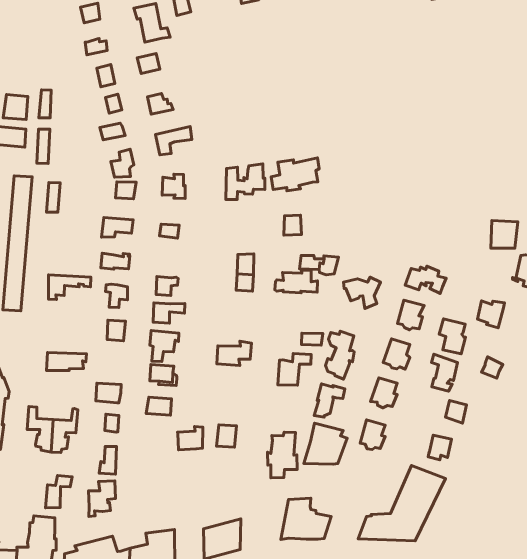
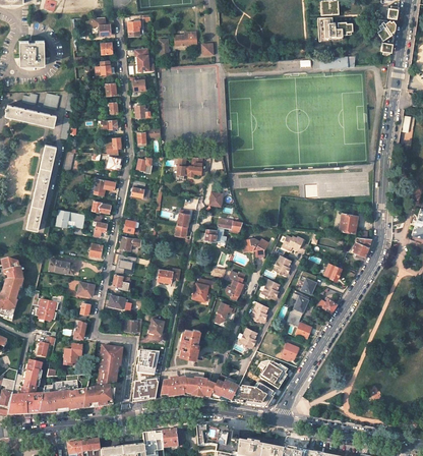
building: [271,158,319,191] -> none
building: [304,423,347,464] -> [209,375,239,402]
building: none -> [136,350,160,375]
building: none -> [98,346,122,381]
building: none -> [160,370,190,398]

